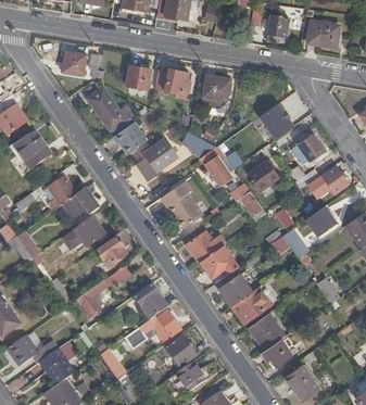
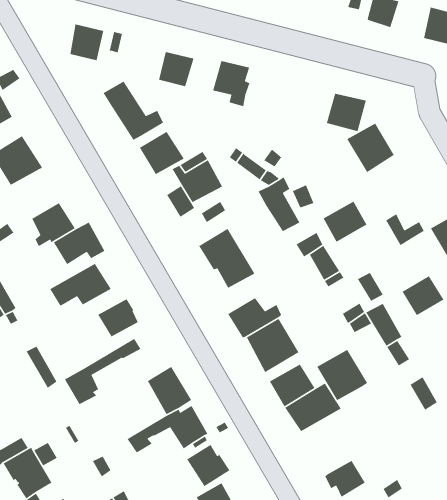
building: [203,75,230,101] -> [326,93,367,132]
building: [292,135,325,164] -> none
building: [249,313,286,350] -> [316,349,368,401]

